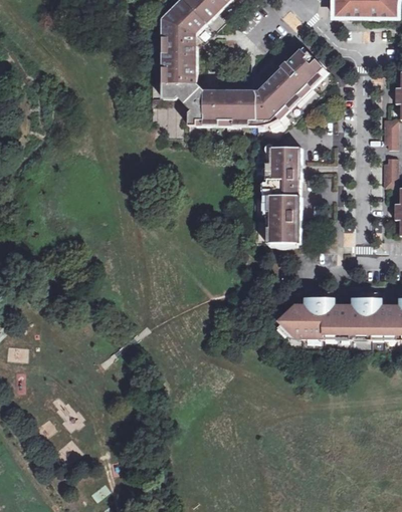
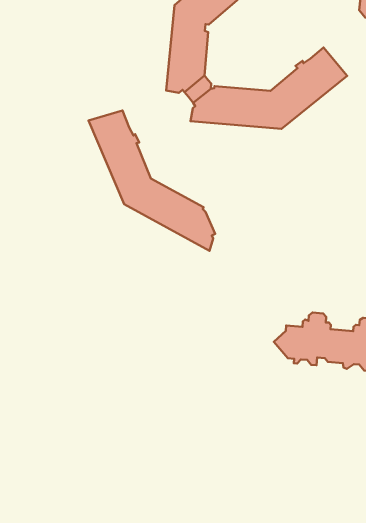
building: none -> [89,111,215,251]
building: [255,138,301,243] -> none

